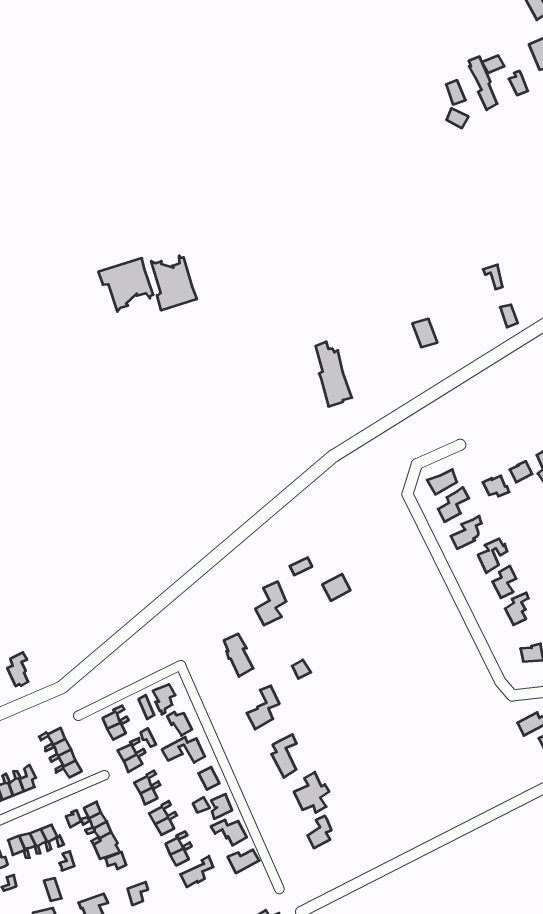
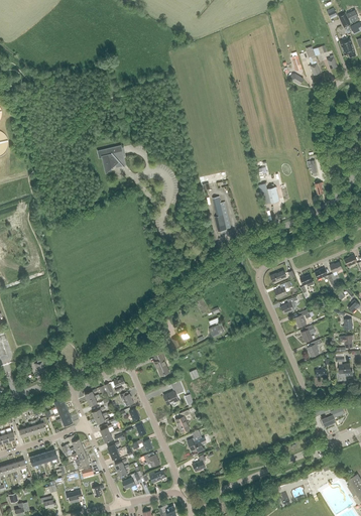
building: [151,256,197,310] -> none

